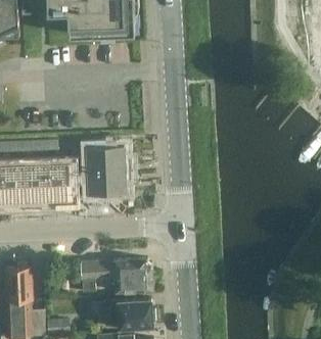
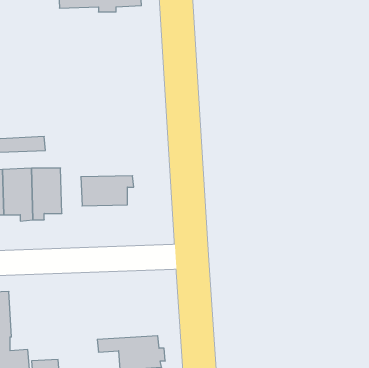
building: [85,145,128,171] -> none
building: [79,258,150,292] -> none

